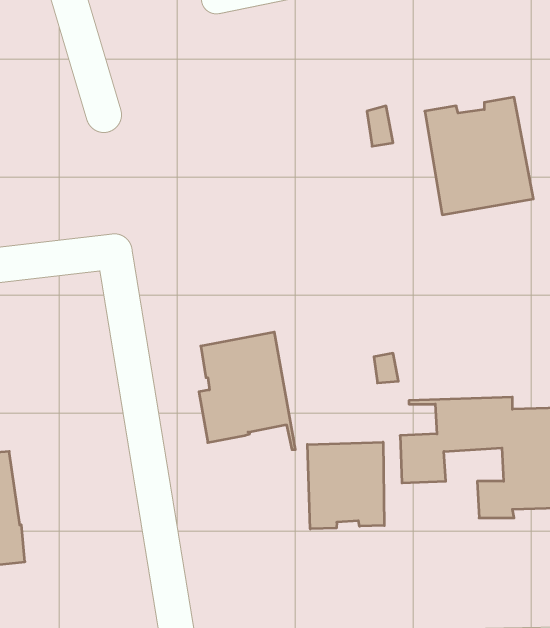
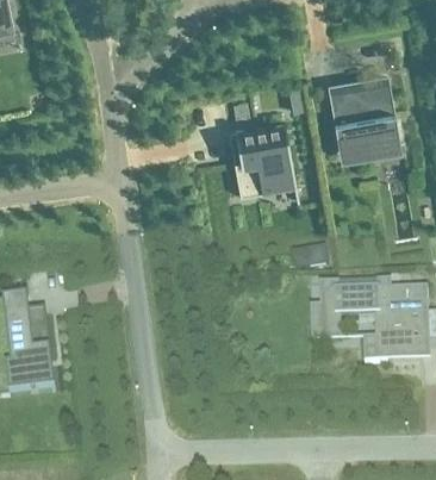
building: [199,332,295,450] -> [232,120,298,200]
building: [307,442,384,529] -> none

